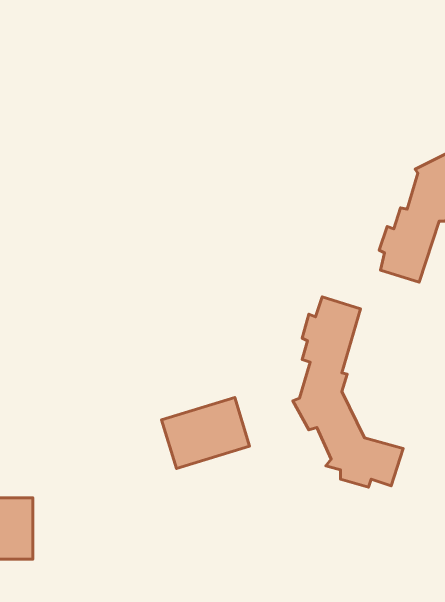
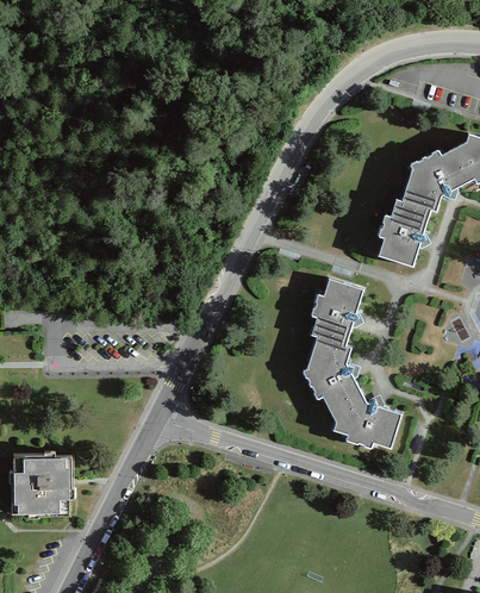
building: [162,398,250,469] -> none

